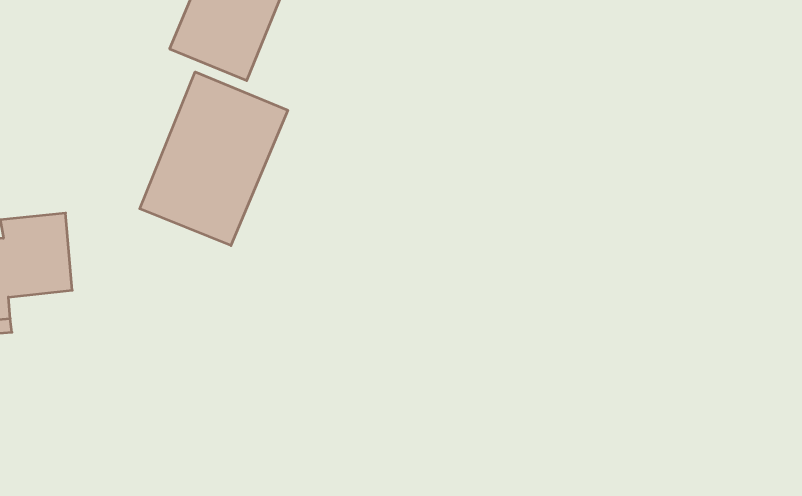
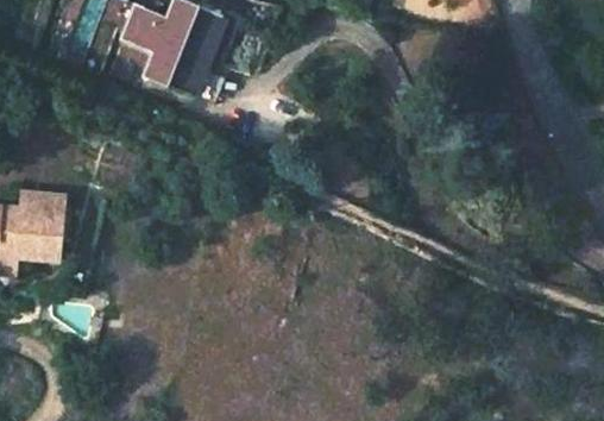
building: [140,72,288,246] -> none

